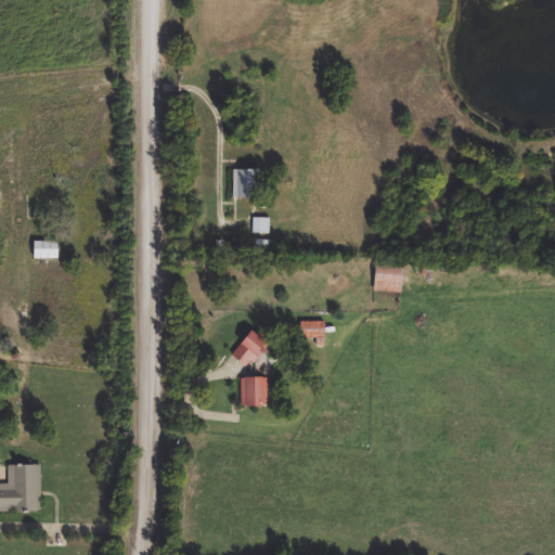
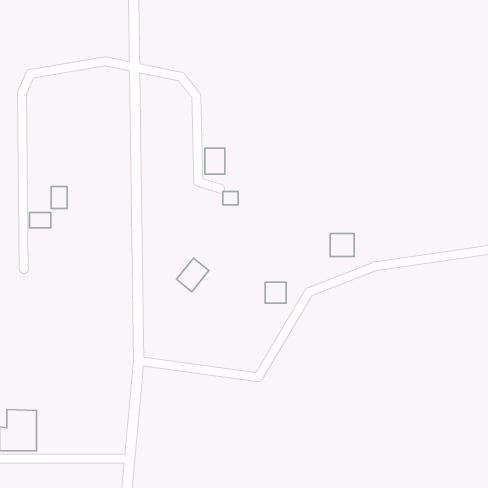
building: none -> [51,186,67,209]
building: [231,330,268,367] -> [176,258,209,292]
building: [241,376,268,408] -> none

